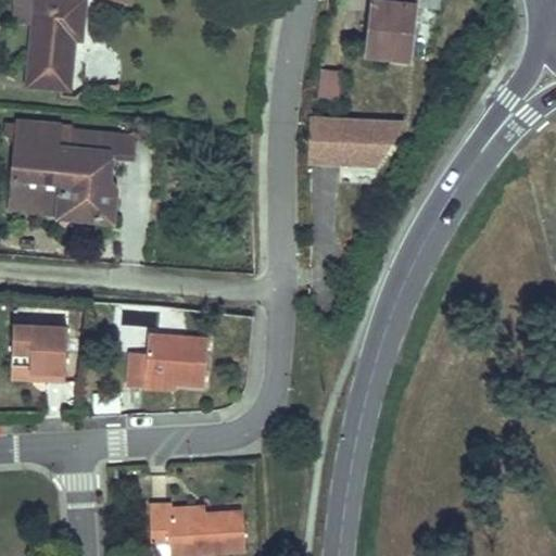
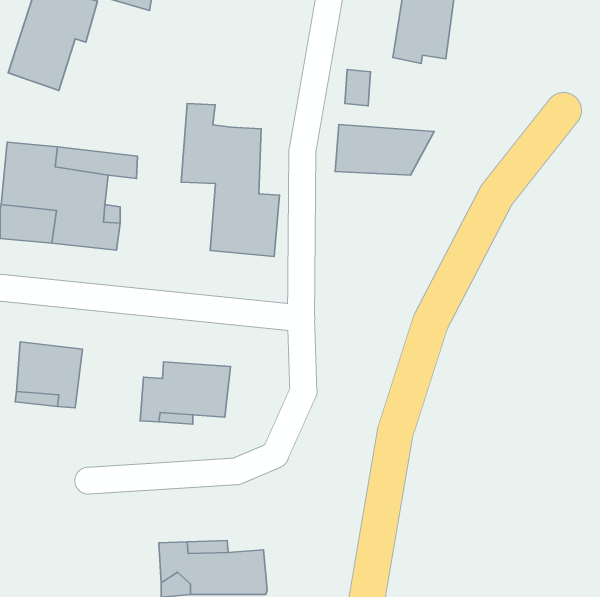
building: none -> [181,104,280,256]

